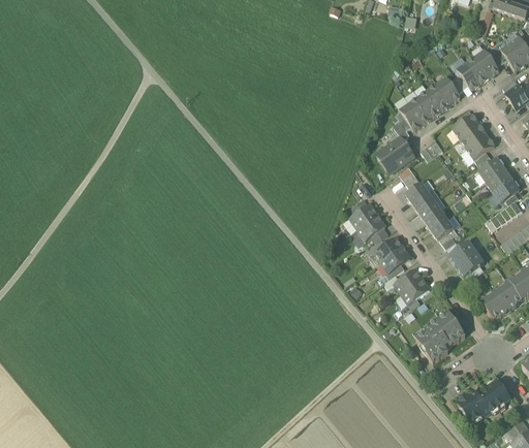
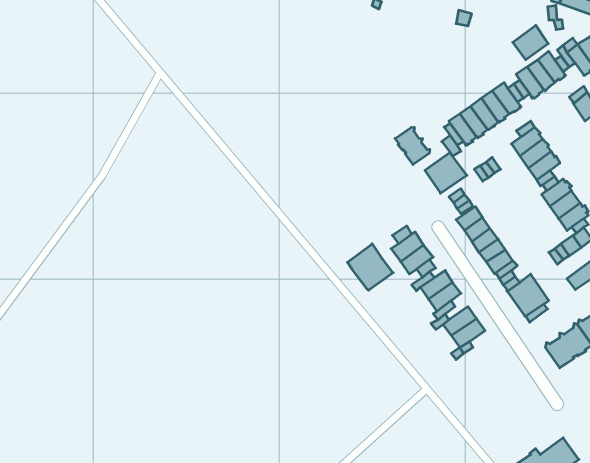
building: none -> [513,25,548,60]
building: none -> [395,127,430,165]
building: none -> [347,244,393,290]
building: [416,312,465,361] -> none

